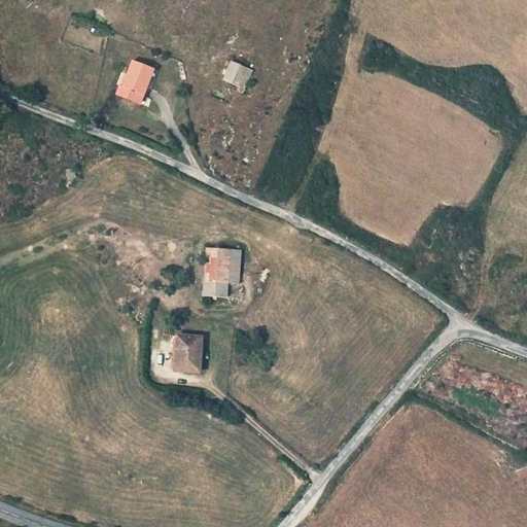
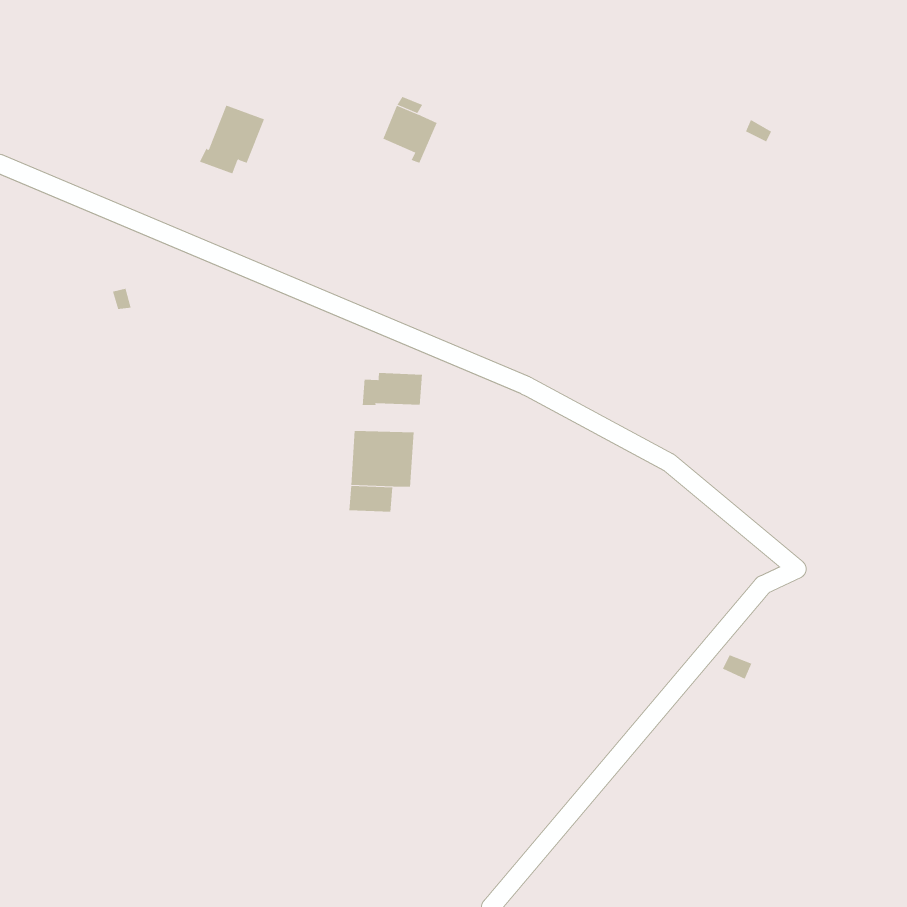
building: none -> [362,372,423,406]
building: [174,335,202,372] -> none

